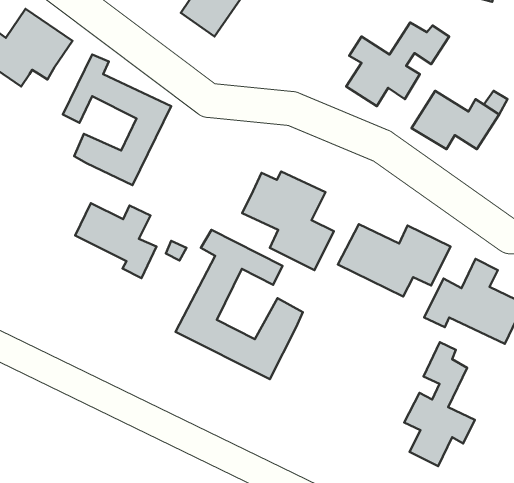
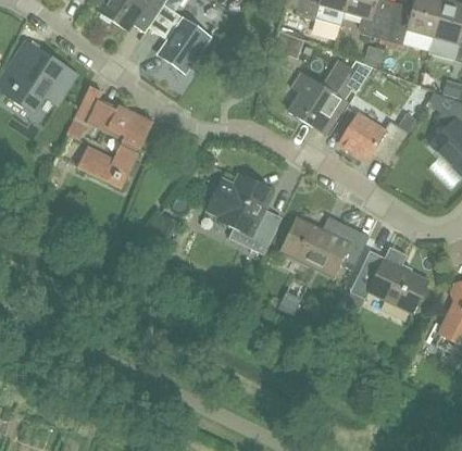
building: [75,203,156,278] -> none
building: [175,230,303,379] -> none
building: [404,342,475,466] -> none

